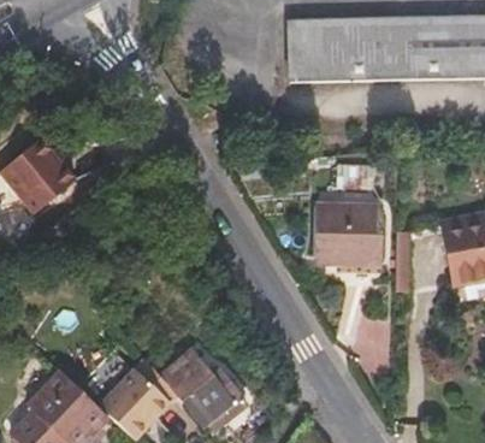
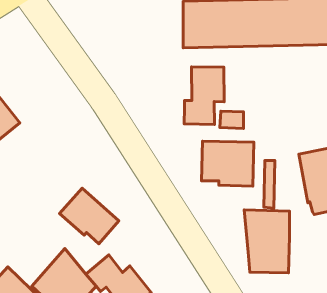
building: none -> [184,67,224,124]
building: none -> [60,188,119,244]
building: none -> [244,210,290,273]

